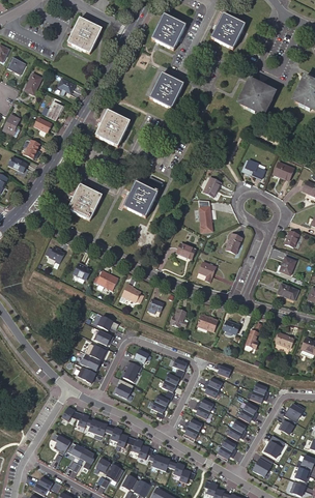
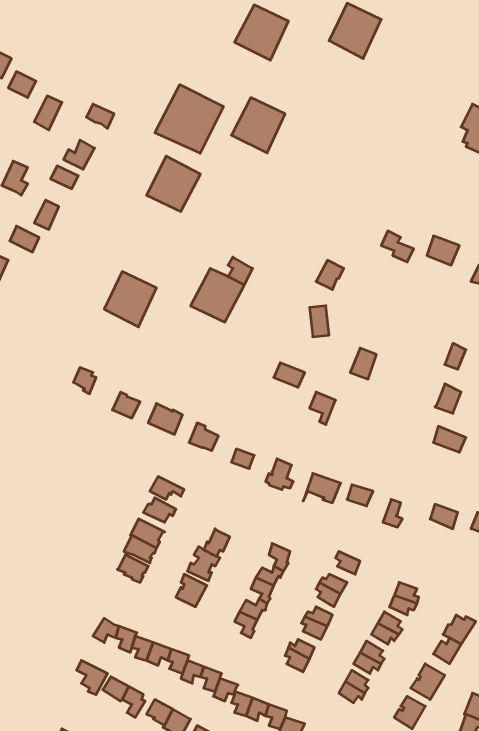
building: [67,19,102,54] -> none
building: none -> [155,85,223,153]
building: [240,81,273,113] -> none

